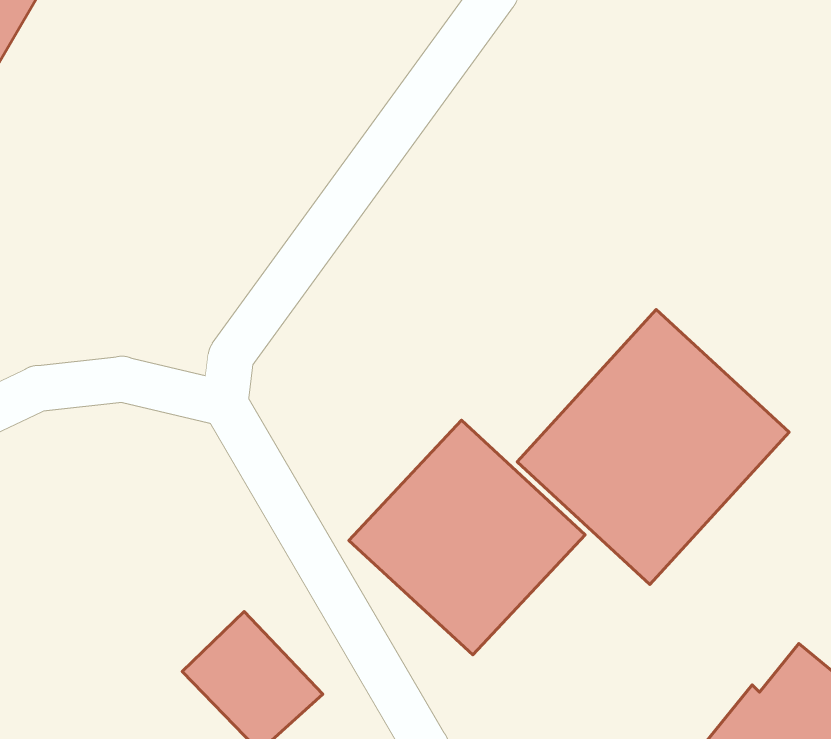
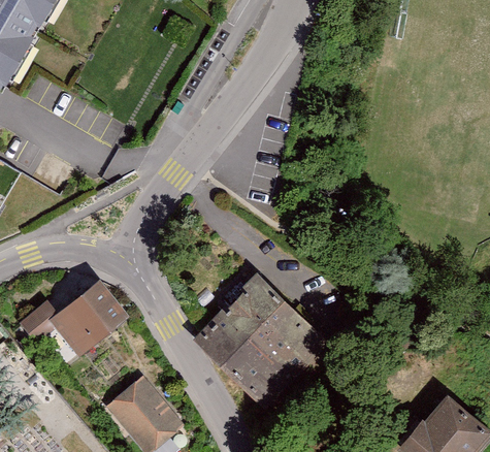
building: [517,309,789,585] -> none
building: none -> [18,280,128,358]

